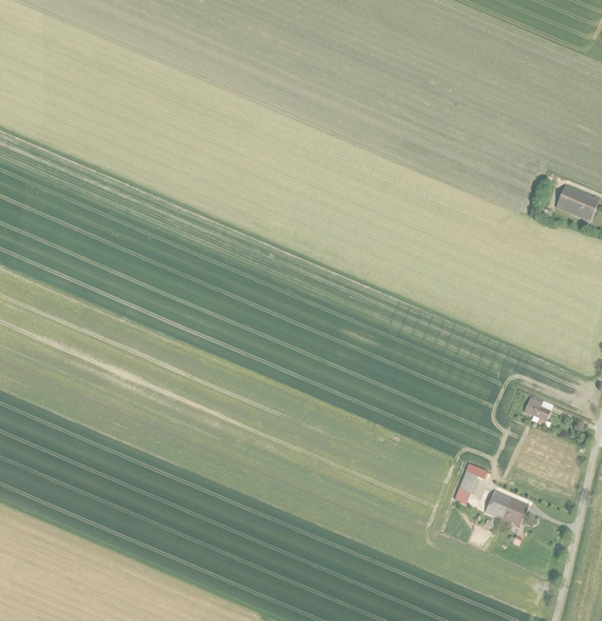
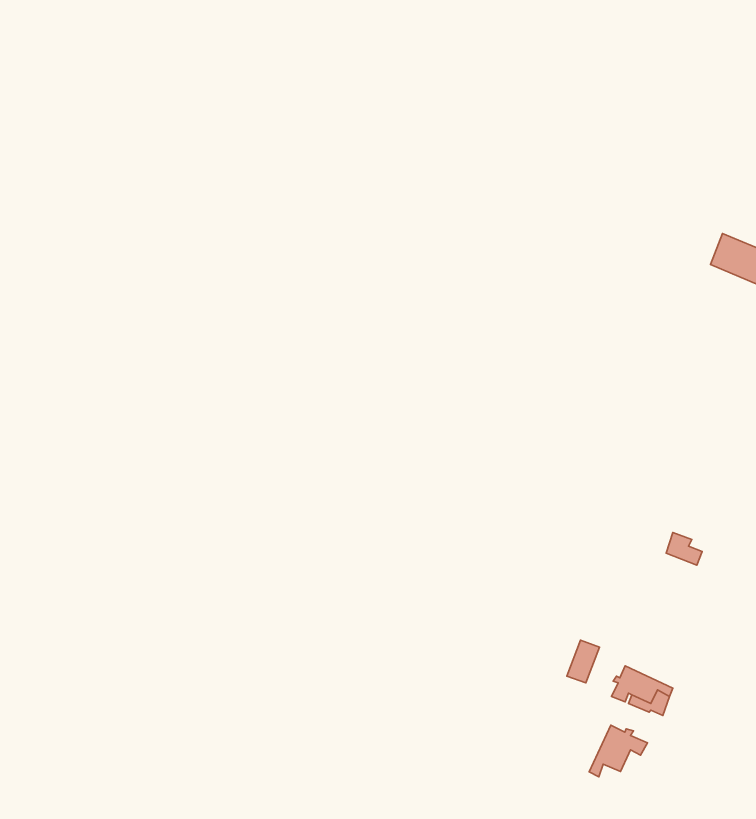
building: none -> [589,725,648,777]

